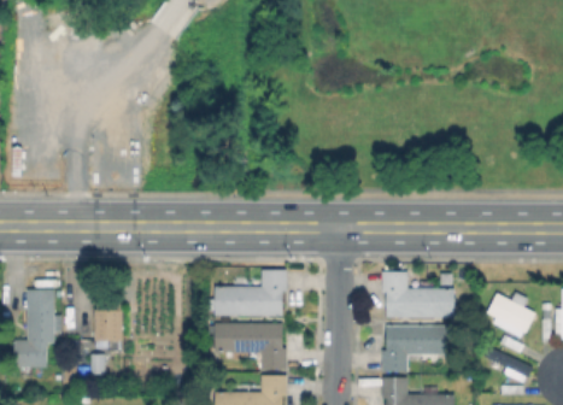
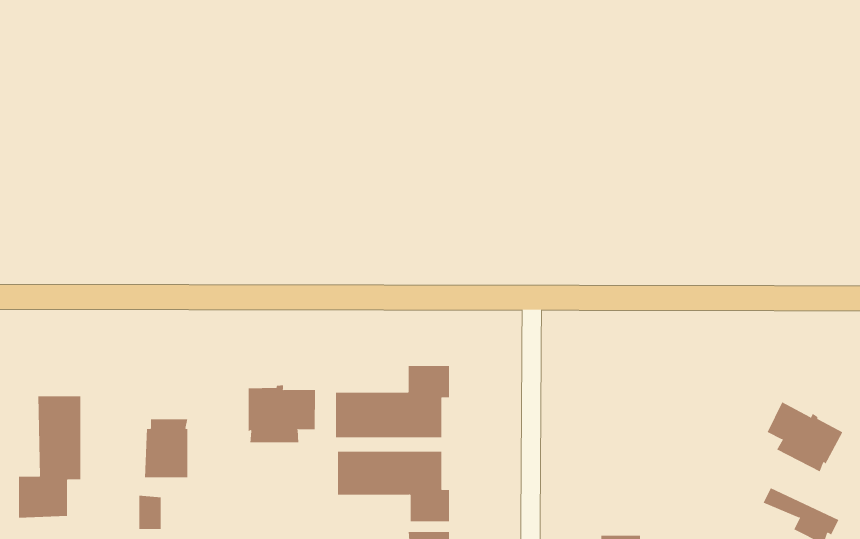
building: [382,271,454,317] -> none
building: none -> [248,384,316,443]
building: [382,327,452,371] -> none

